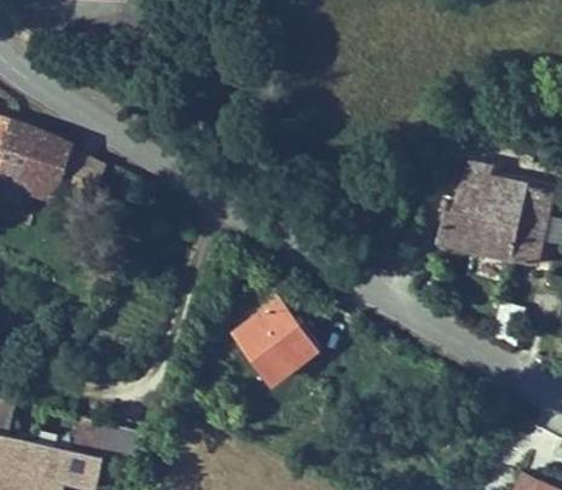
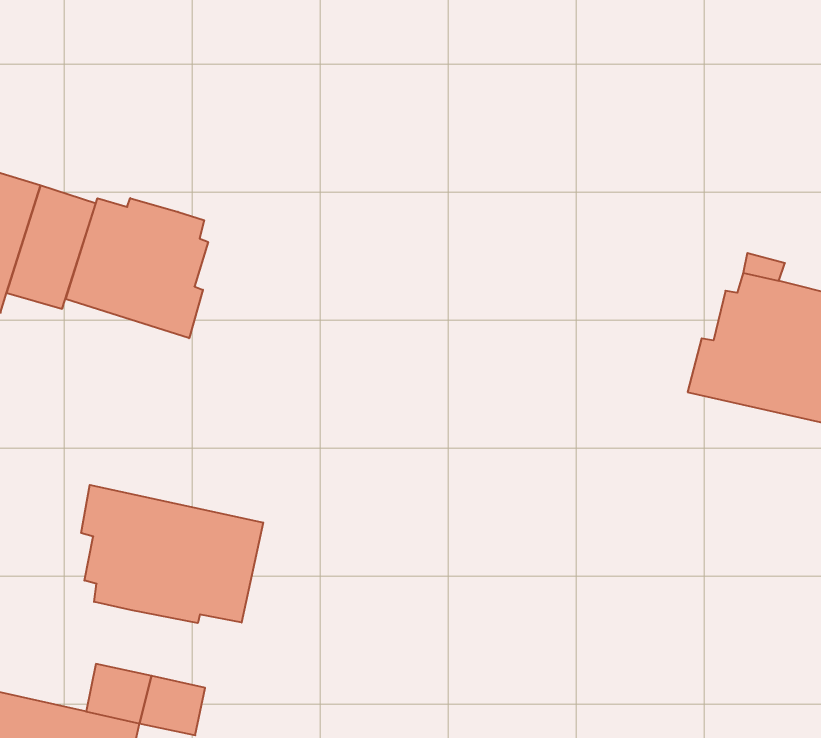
building: none -> [66,198,208,338]
building: [228,304,314,391] -> none
building: none -> [81,485,263,623]

